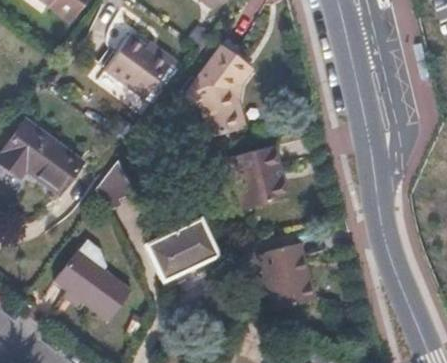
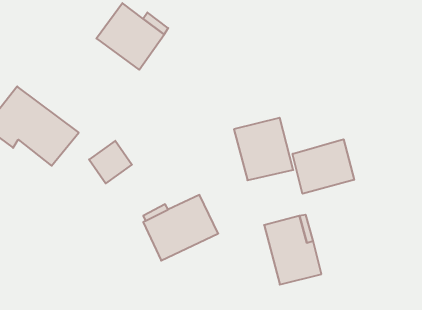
building: [186,43,248,135] -> none
building: none -> [293,139,354,194]
building: [58,250,135,320] -> none

